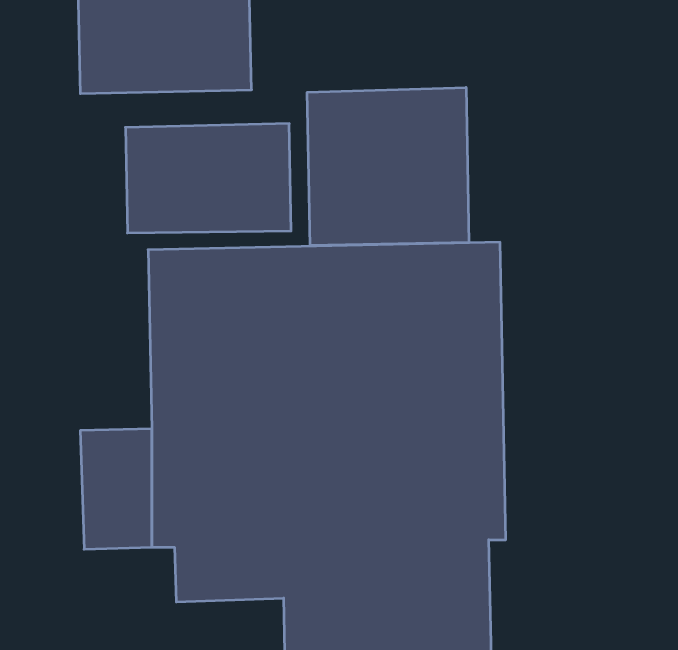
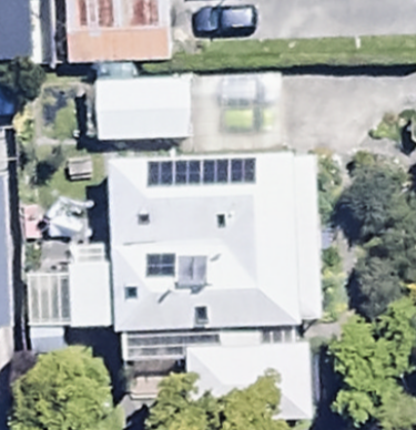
building: [307,87,469,245] -> none

